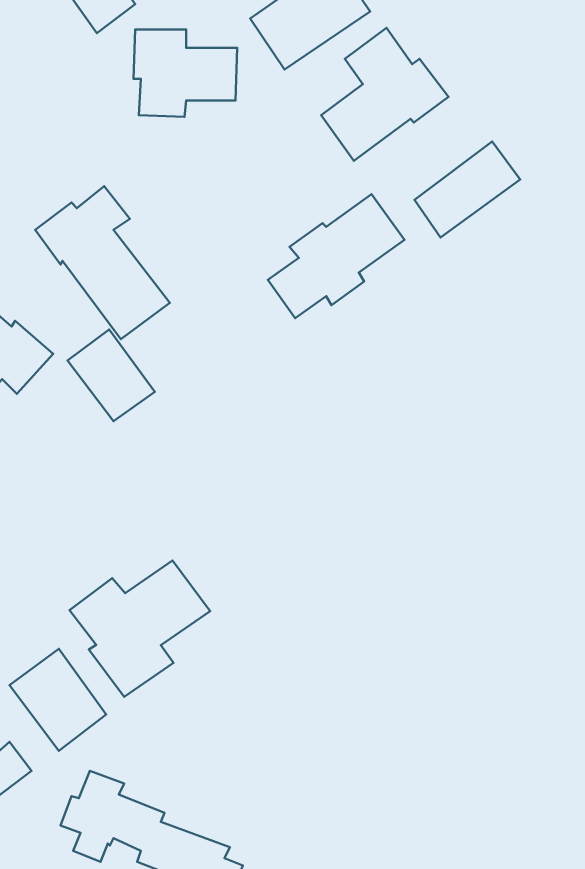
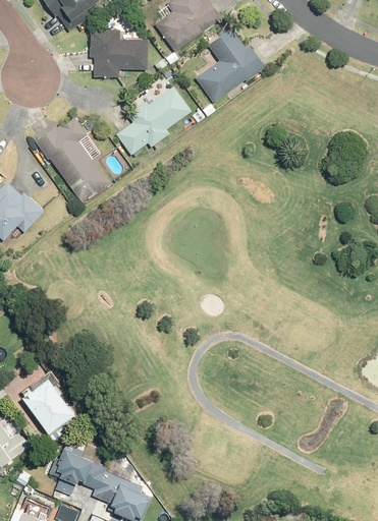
building: [414,142,520,238] -> none
building: [268,194,404,318] -> [115,85,192,155]
building: [67,330,155,421] -> none
building: [70,560,210,697] -> none

